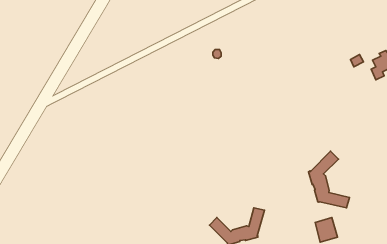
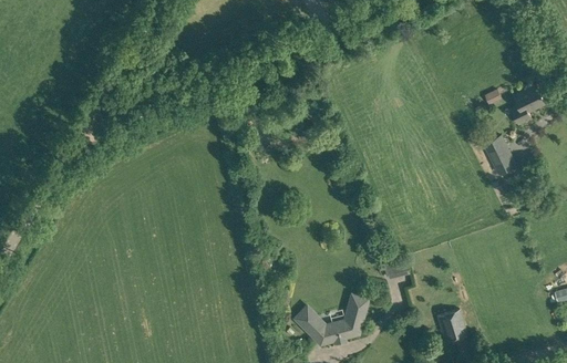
building: none -> [483,134,517,174]
building: [309,151,349,208] -> none

